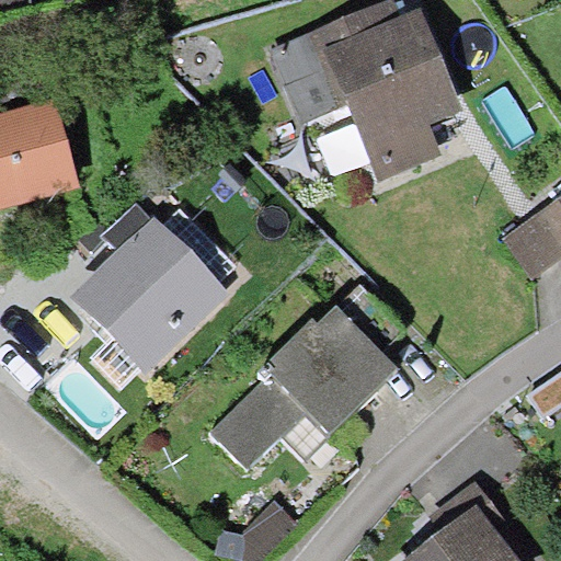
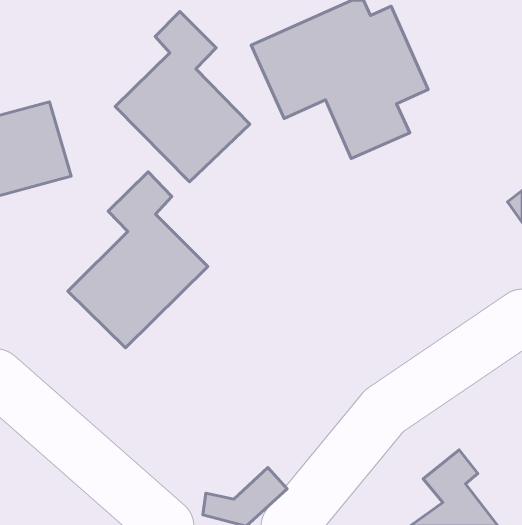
building: none -> [115,11,250,182]
building: [215,287,407,476] -> none

